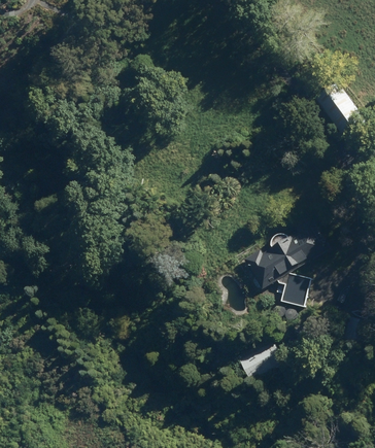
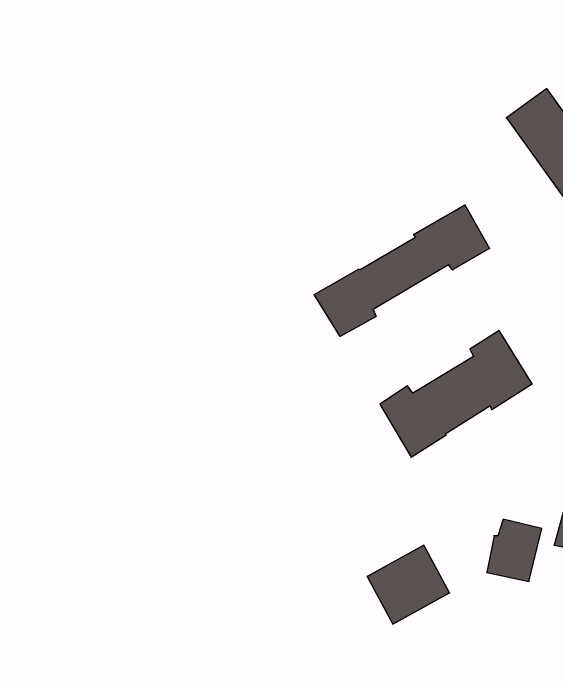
building: none -> [314,205,490,336]
building: [279,272,310,307] -> [487,519,542,582]

